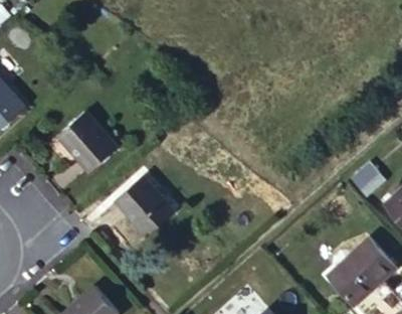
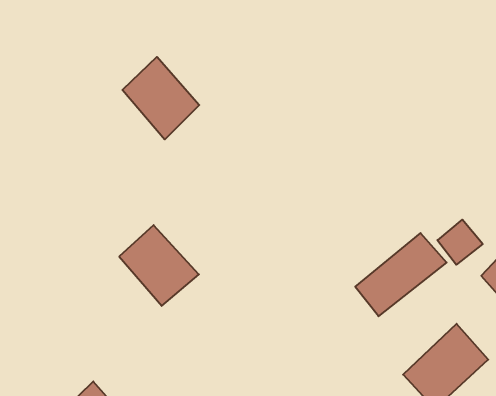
building: [59,104,116,164] -> [122,57,199,139]
building: none -> [355,233,447,316]

